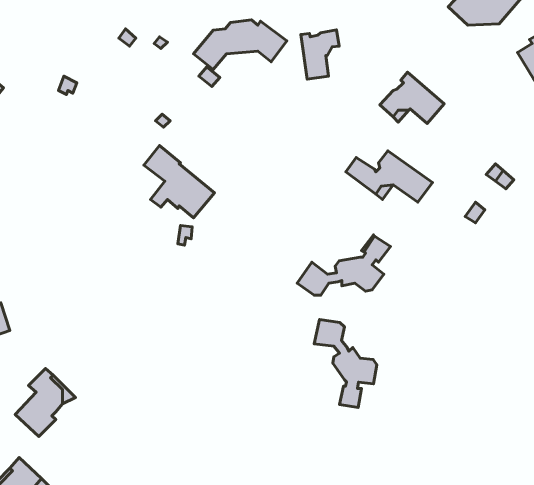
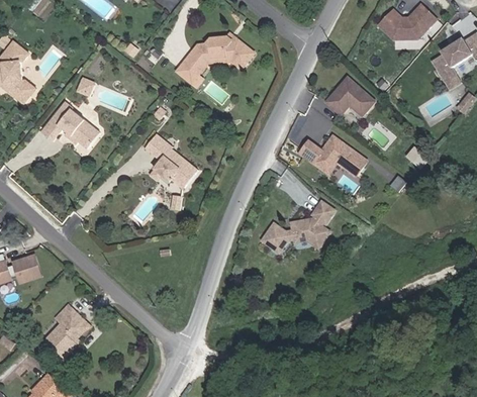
building: [301,30,339,79] -> none
building: none -> [40,101,100,147]
building: [314,319,377,408] -> none

